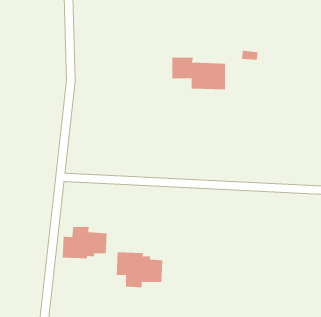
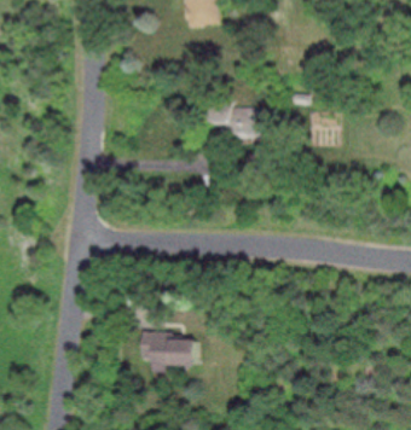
building: [62,226,107,259] -> none

